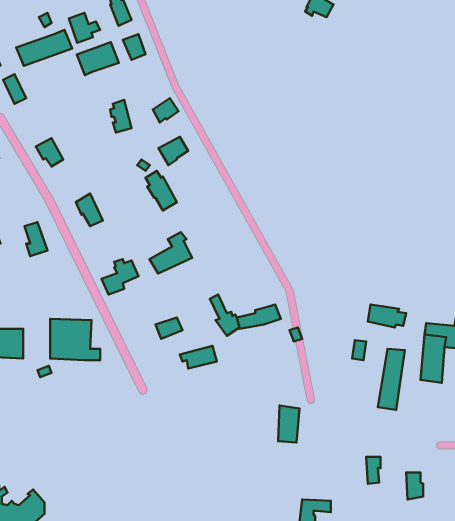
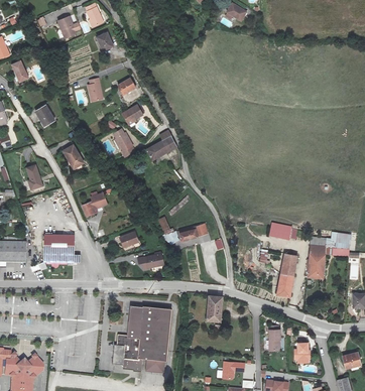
building: [16,30,72,66] -> none
building: [77,42,119,75] -> none
building: [149,232,192,273] -> [145,131,175,160]
building: none -> [111,307,168,371]

